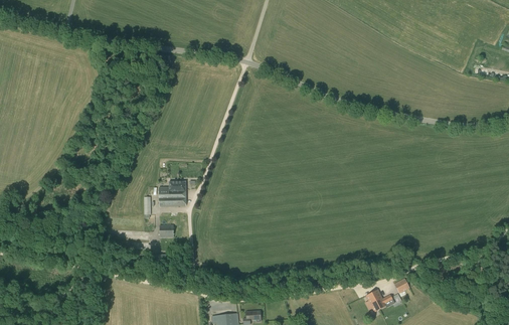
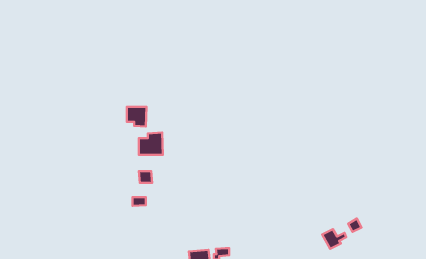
building: none -> [127,107,147,126]

